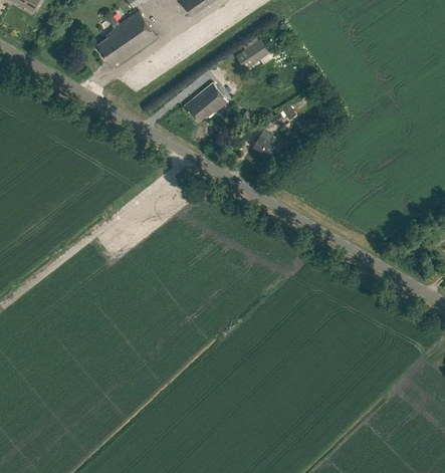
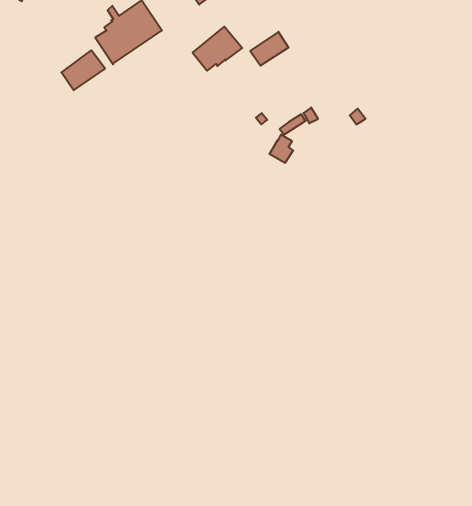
building: none -> [61,50,105,90]
building: [184,82,228,122] -> [193,27,242,71]

